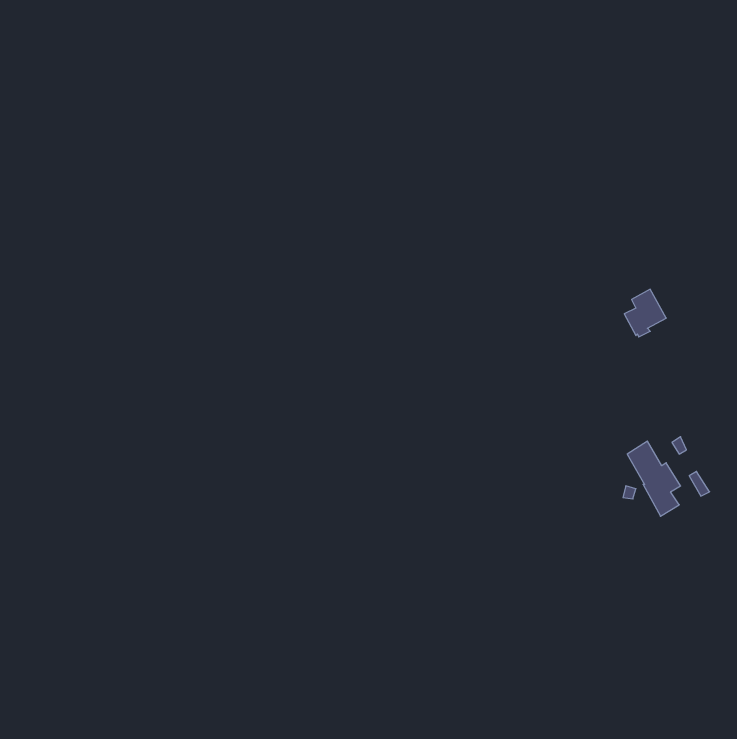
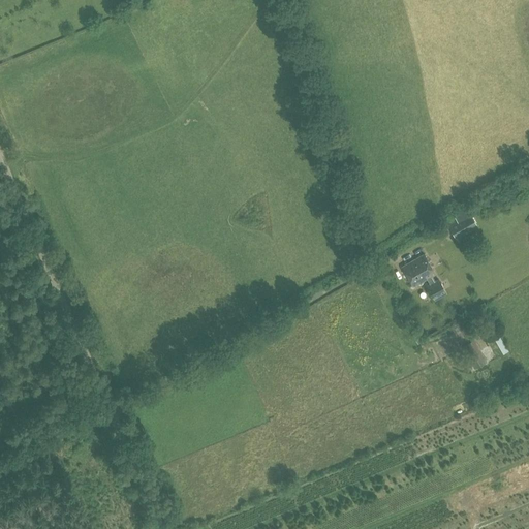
building: none -> [401,253,445,299]

